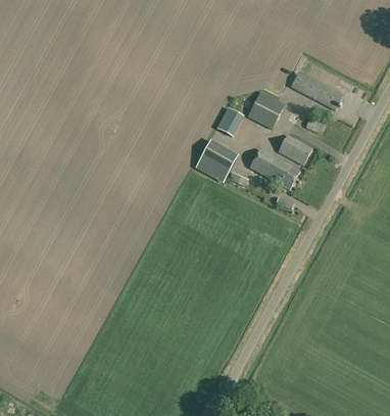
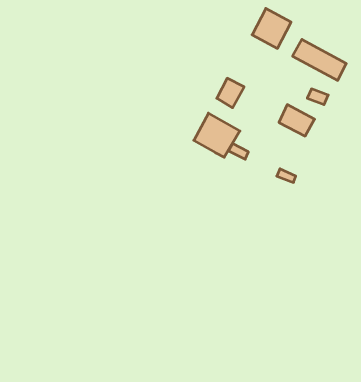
building: [247,90,285,129] -> [252,8,291,48]
building: [250,149,299,188] -> none

